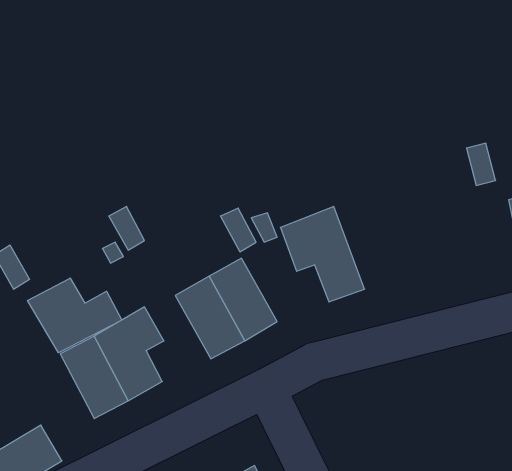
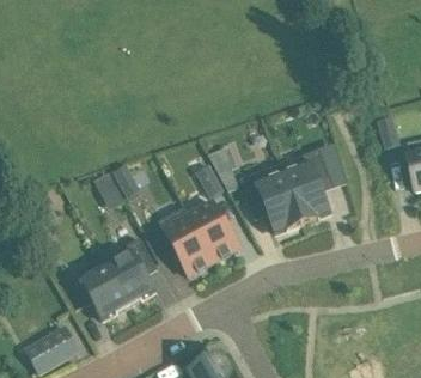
building: none -> [280,150,332,225]
building: [28,278,122,353] -> none

